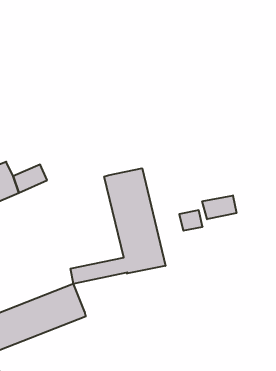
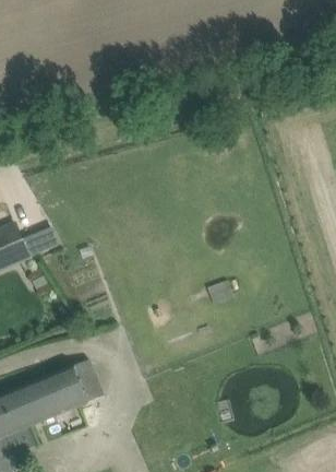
building: [71,168,165,284] -> none
building: [202,195,236,219] -> none

